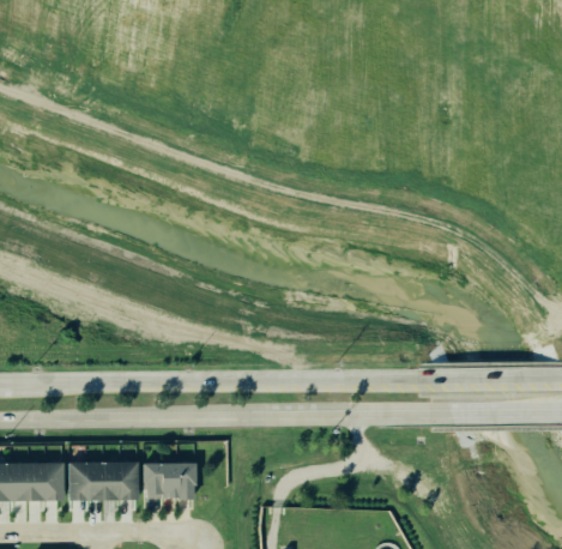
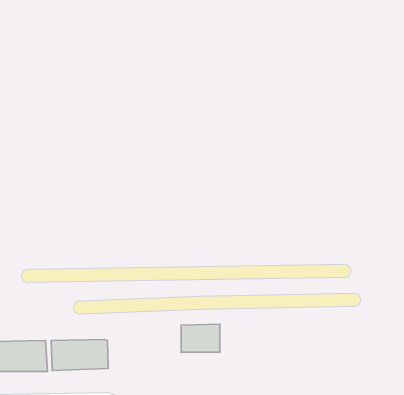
building: [145,463,193,497] -> [181,324,220,352]

